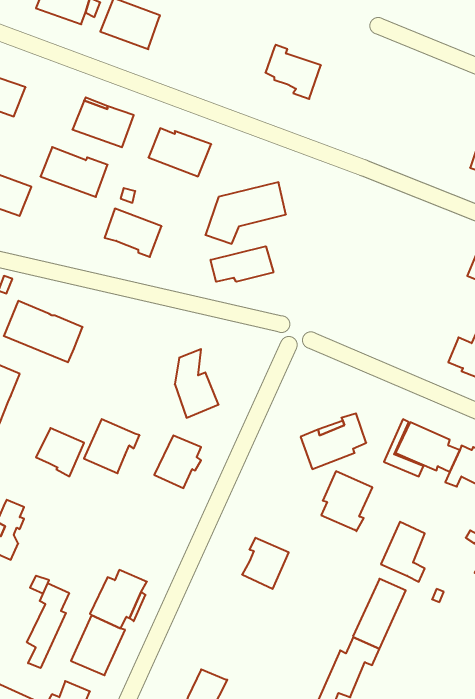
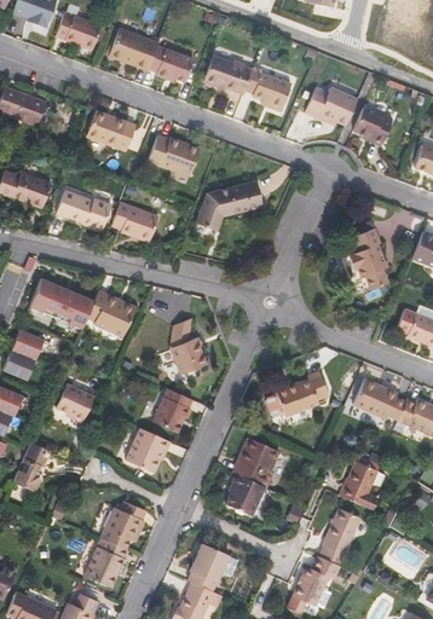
building: none -> [148,44,194,81]
building: none -> [202,54,252,92]
building: none -> [304,86,357,123]
building: none -> [353,105,392,145]
building: [40,147,108,197] -> [54,189,110,230]
building: none -> [347,226,387,289]
building: [211,246,273,282] -> none
building: none -> [86,291,134,336]
building: [84,419,140,473] -> [125,427,171,472]
building: [321,471,372,531] -> [236,436,278,486]
building: [27,583,69,668] -> none
building: none -> [187,542,229,590]

